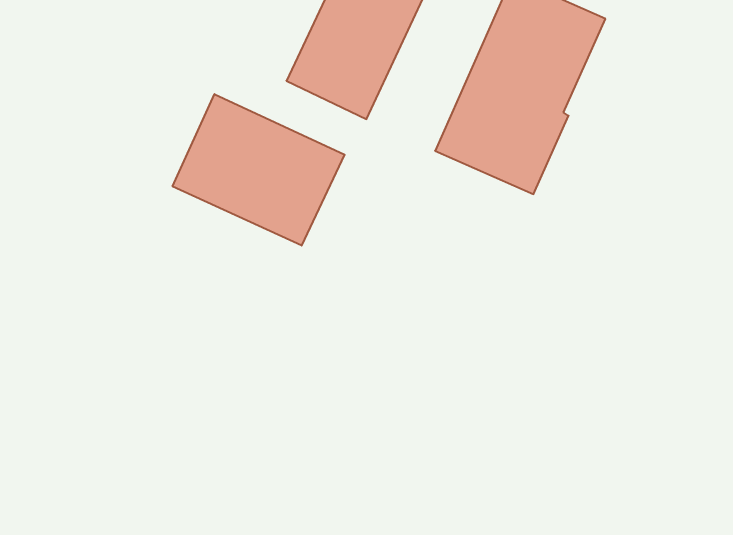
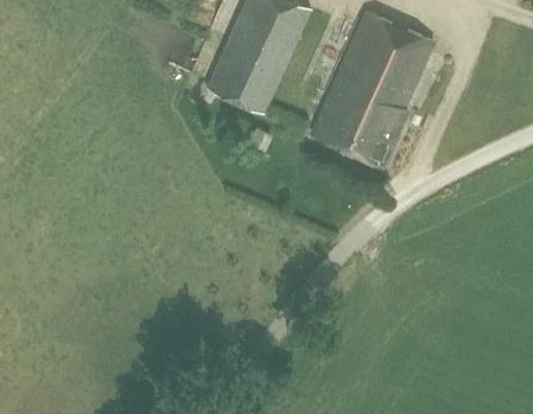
building: [173,94,345,246] -> none

